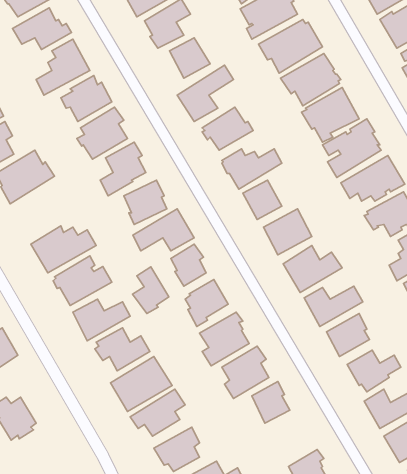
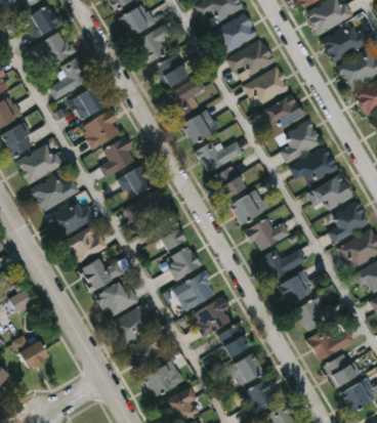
building: none -> [32,173,81,210]
building: [132,267,169,313] -> none
building: none -> [228,352,264,386]

